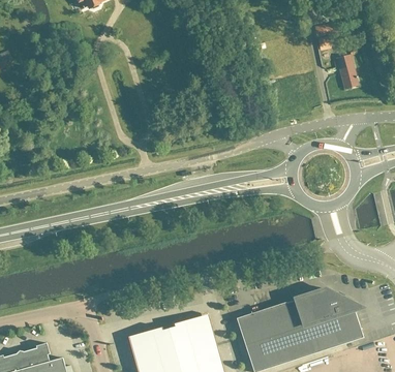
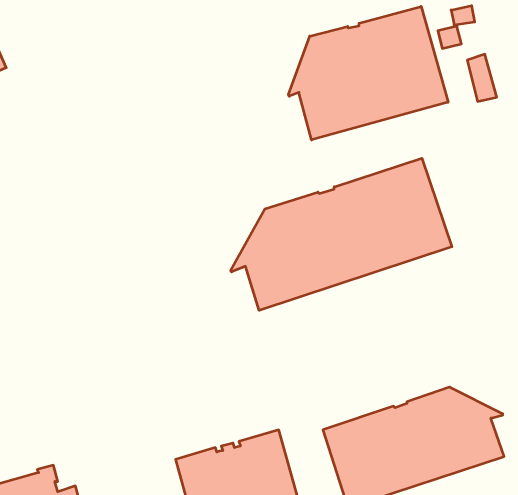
building: none -> [288,6,448,140]
building: none -> [231,158,452,310]

